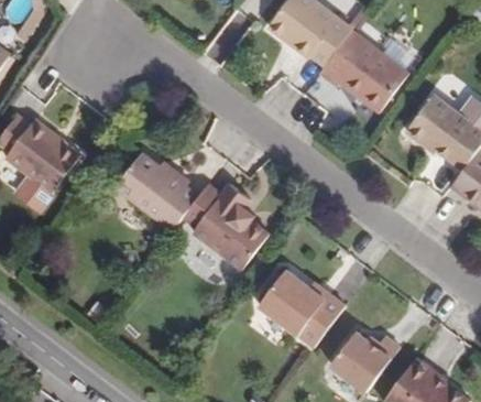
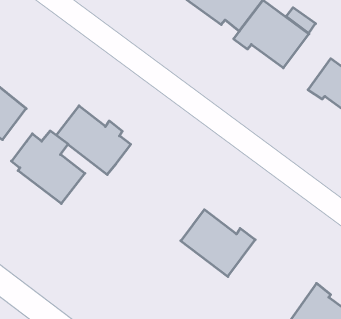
building: [183,184,269,269] -> [11,131,85,204]
building: [331,334,402,394] -> none

